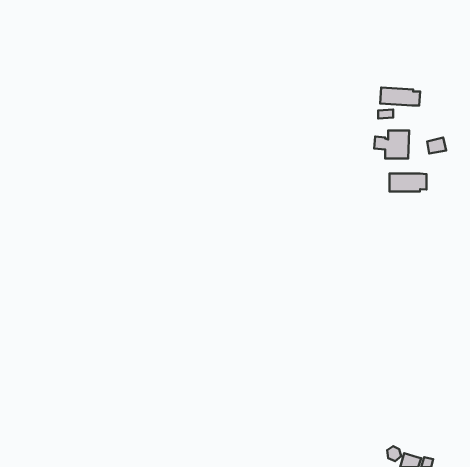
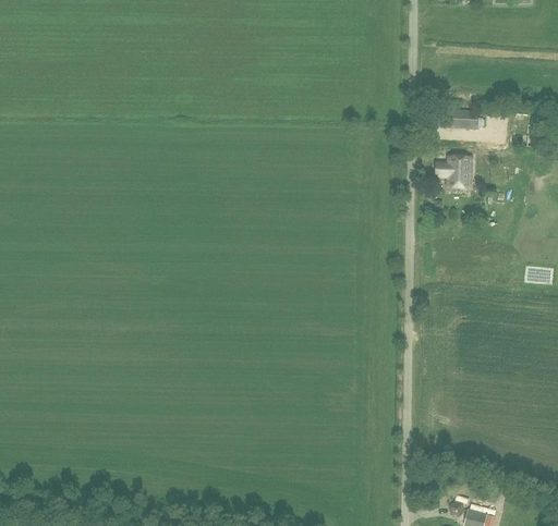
building: [389,174,427,191] -> none

